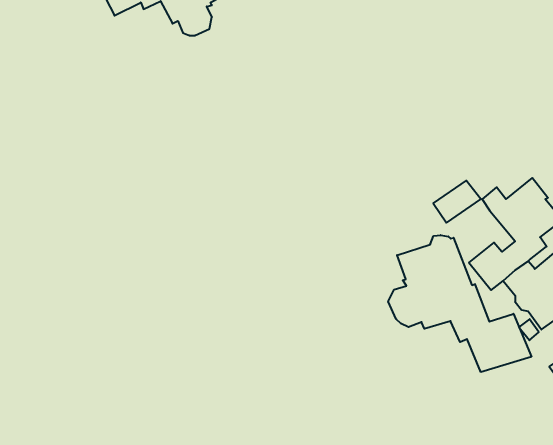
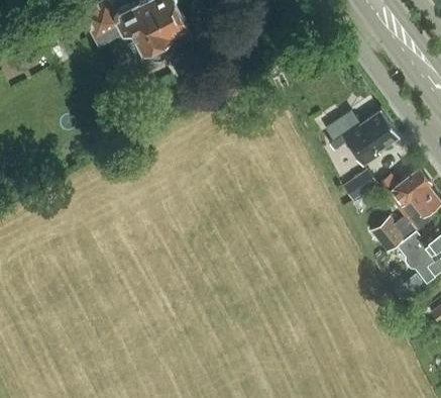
building: none -> [327,110,400,166]
building: [388,235,531,372] -> none

